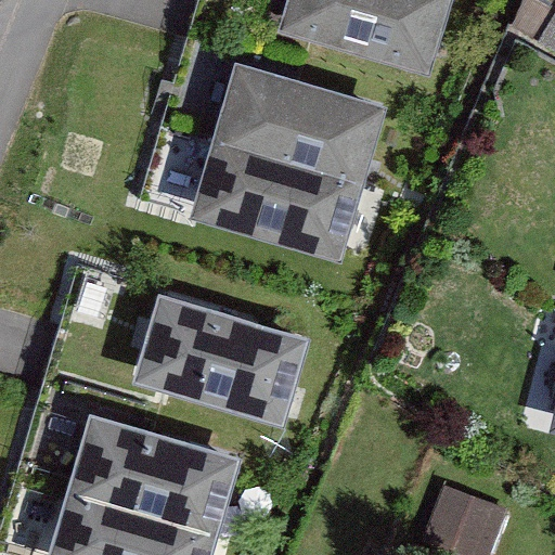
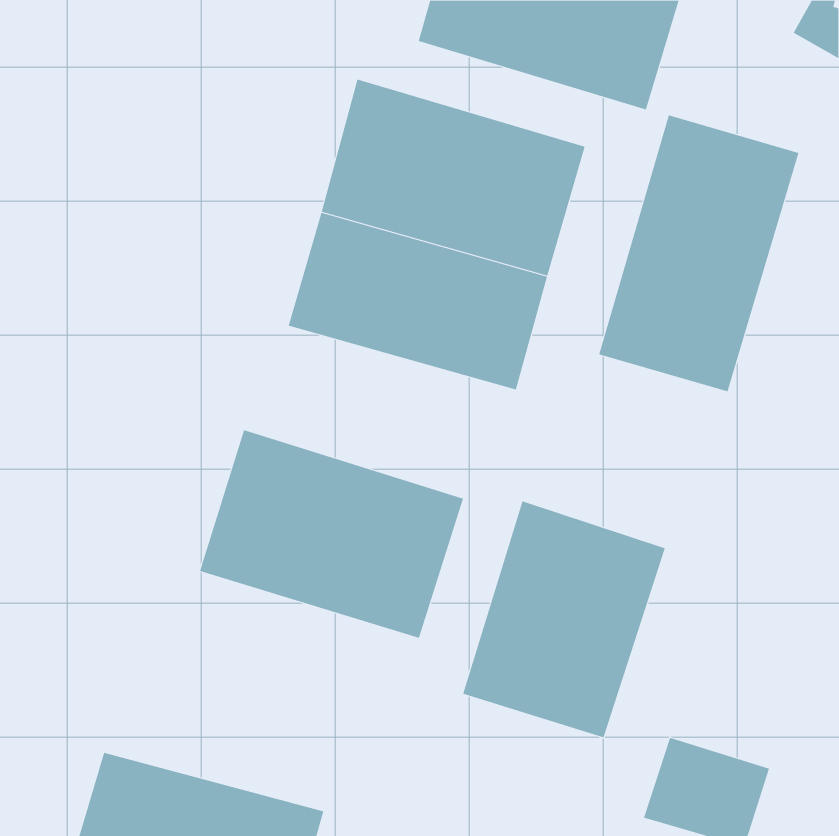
building: none -> [599,115,799,392]
building: none -> [463,501,666,738]
building: [68,418,235,538] -> none

